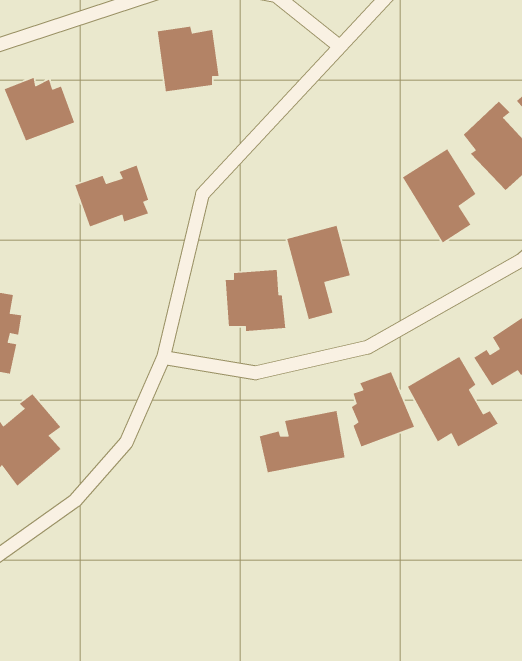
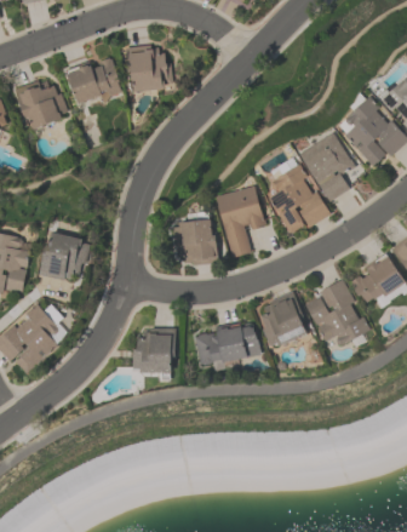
building: [74,165,149,228] -> [68,57,121,102]
building: none -> [270,165,328,236]
building: none -> [39,233,90,282]
building: none -> [132,330,174,374]

